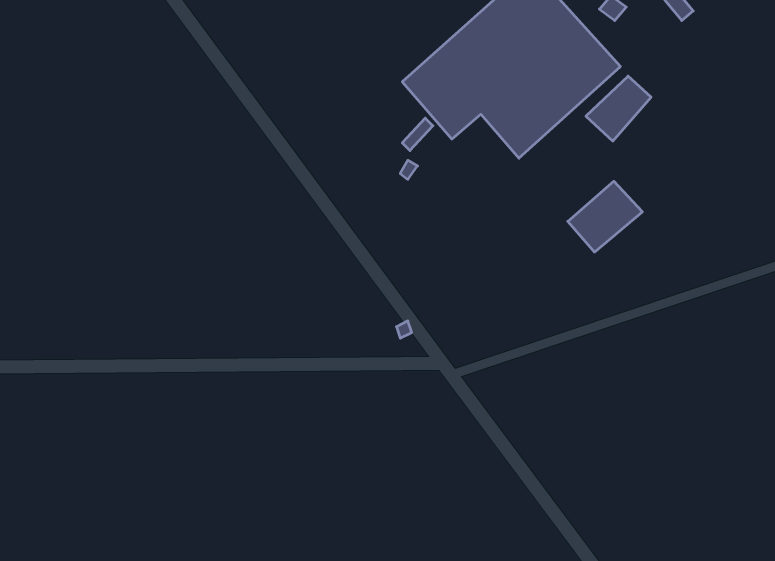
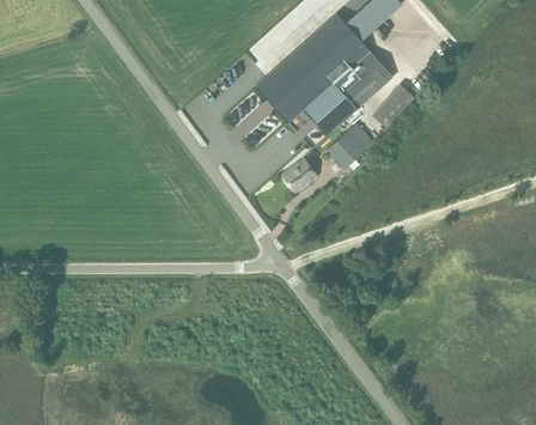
building: [568,181,642,252] -> [325,121,372,165]
building: none -> [281,157,316,190]

